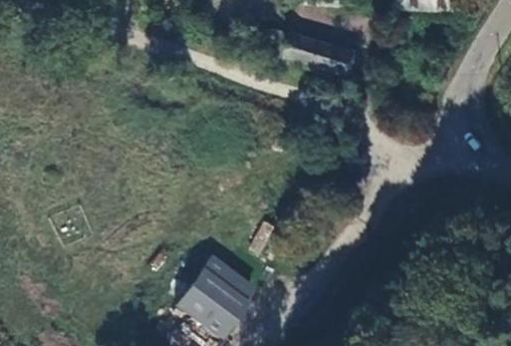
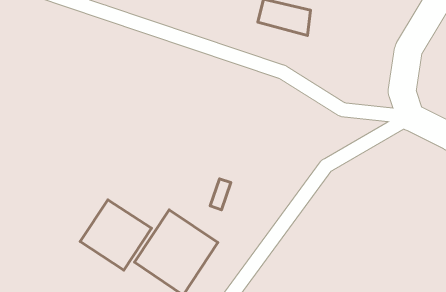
building: none -> [80,200,152,270]

